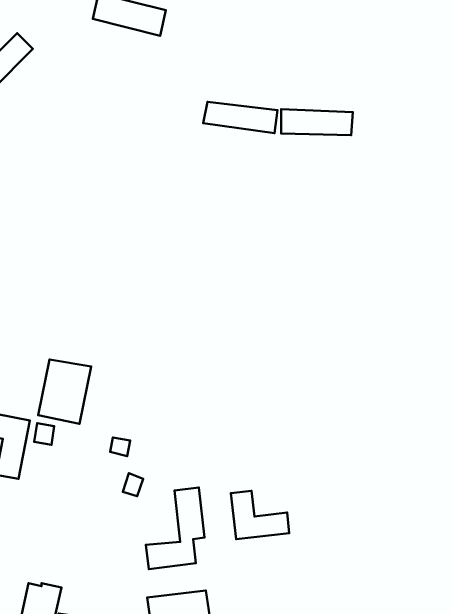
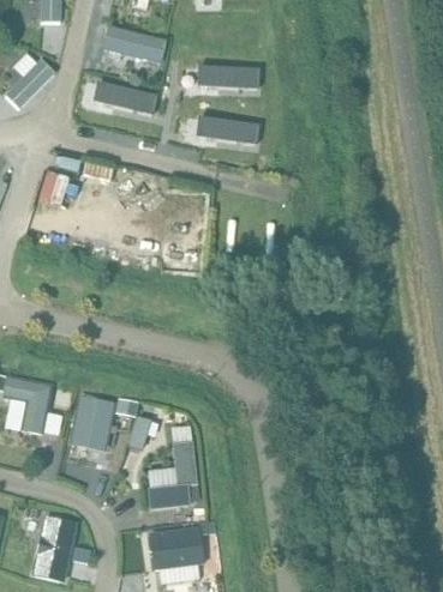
building: none -> [94,83,156,114]
building: [281,109,353,135] -> [198,66,258,87]
building: [38,359,91,424] -> [70,397,114,451]
building: [231,491,289,539] -> none

